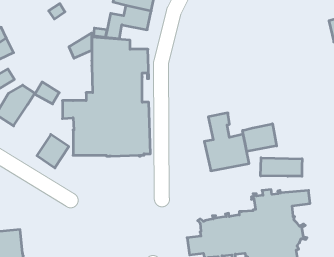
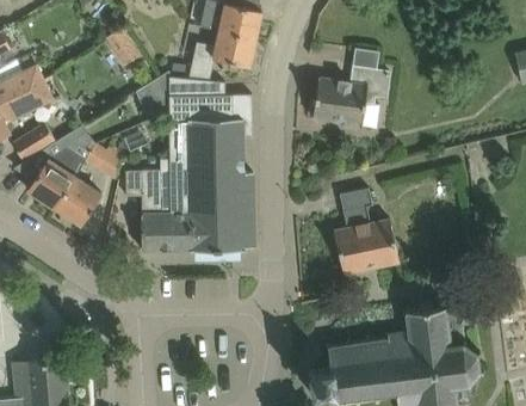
building: none -> [309,64,389,130]
building: [243,124,277,152] -> none
building: [37,134,69,168] -> [54,177,100,226]
building: [261,158,302,176] -> none

